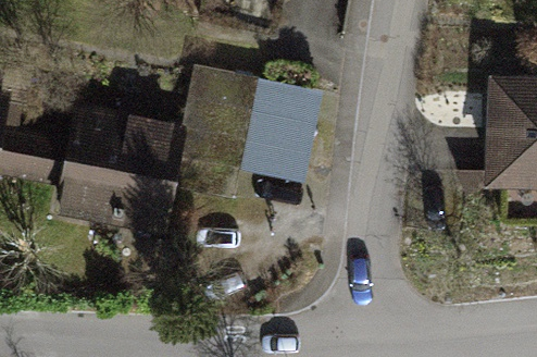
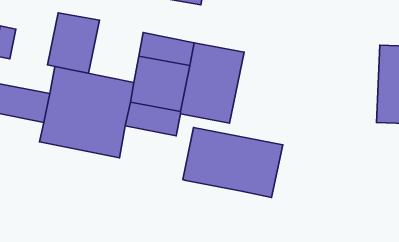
building: none -> [48,13,100,73]
building: none -> [183,128,283,198]

